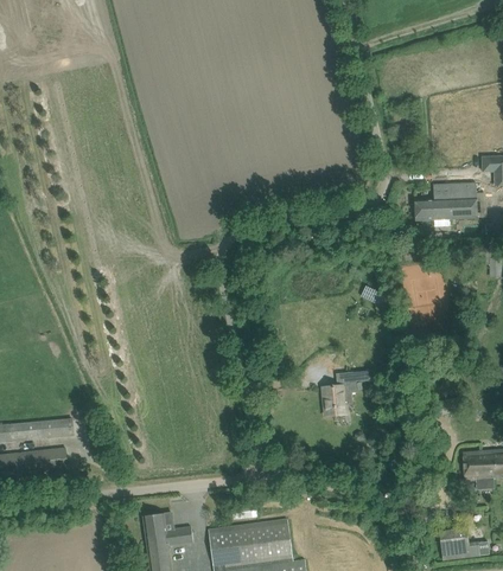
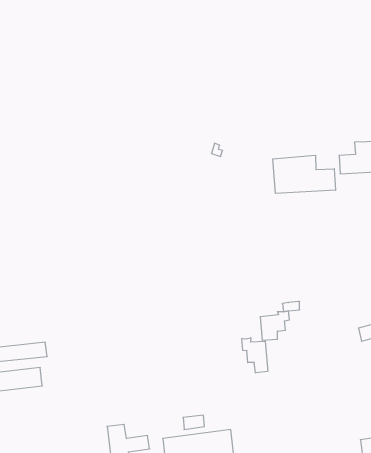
building: none -> [273,155,336,193]
building: none -> [242,338,268,373]

